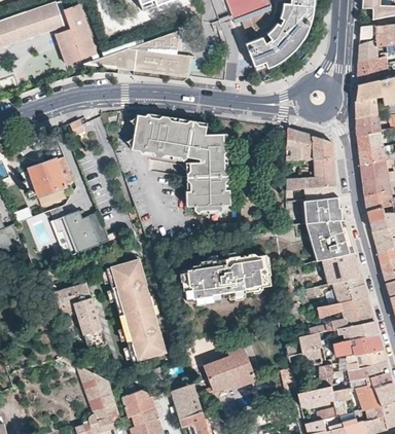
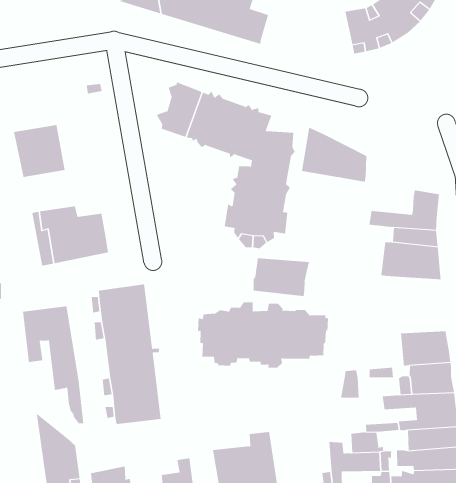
building: [287,129,333,160] -> [301,127,367,182]
building: [304,220,354,264] -> none
building: none -> [253,257,310,297]

